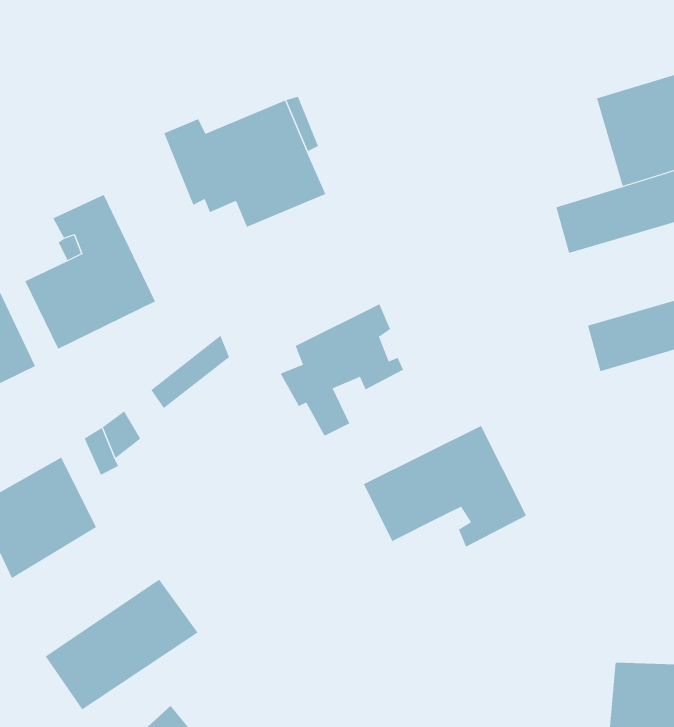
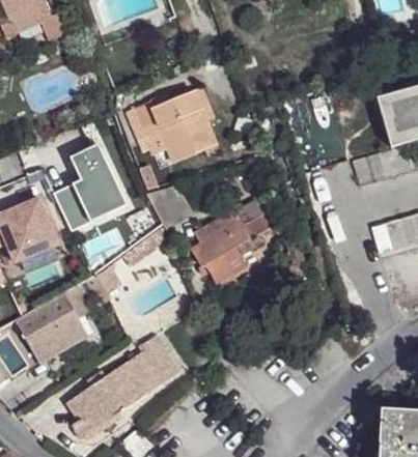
building: [363,425,527,547] -> none
building: none -> [129,338,182,390]

